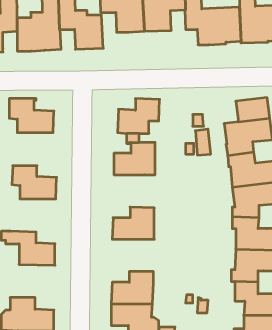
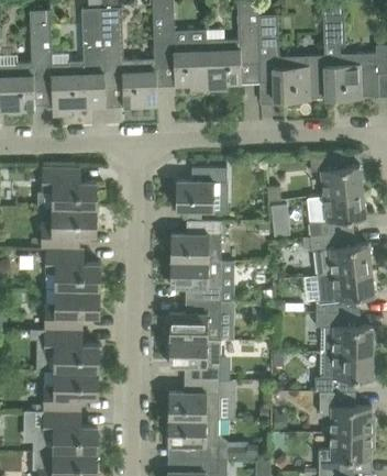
building: none -> [42,210,96,251]
building: none -> [169,262,221,302]
building: none -> [44,291,99,332]
building: none -> [168,341,220,380]
building: none -> [43,372,98,412]

